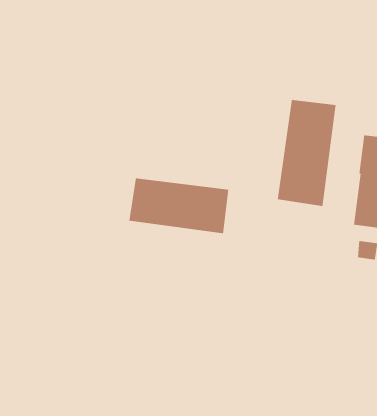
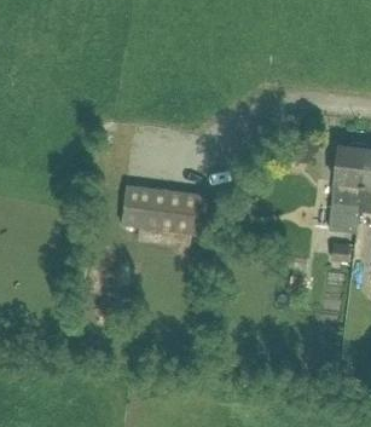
building: [277,99,336,207] -> none

